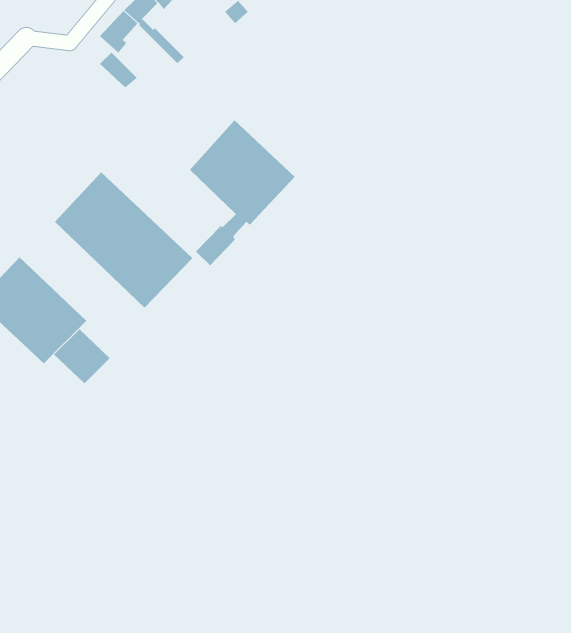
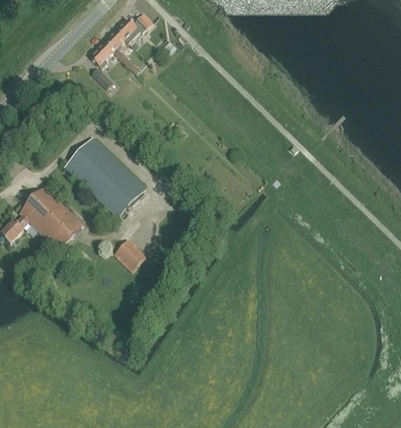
building: [189,120,295,266] -> none
building: [53,329,111,384] -> [112,237,146,270]

